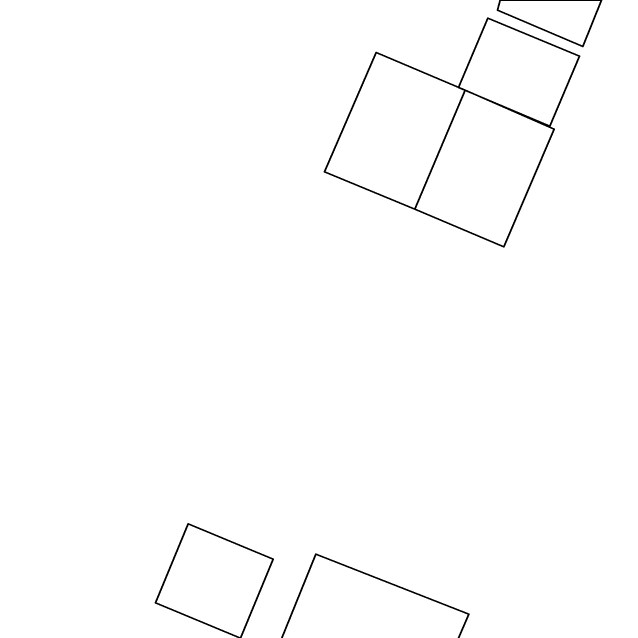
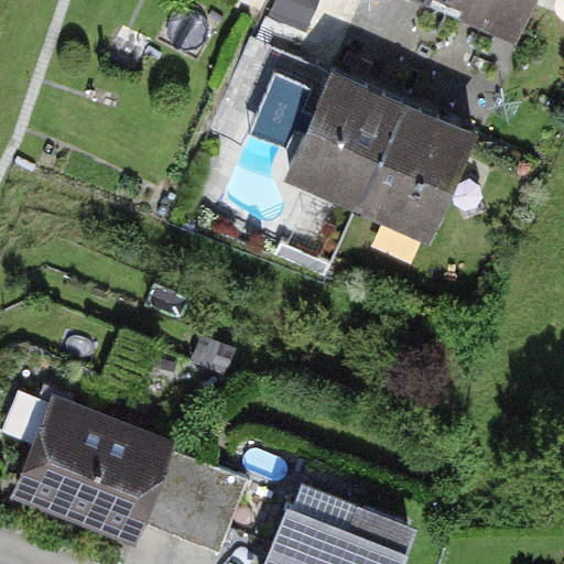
building: [459,18,580,126] -> none
building: none -> [9,393,172,547]

